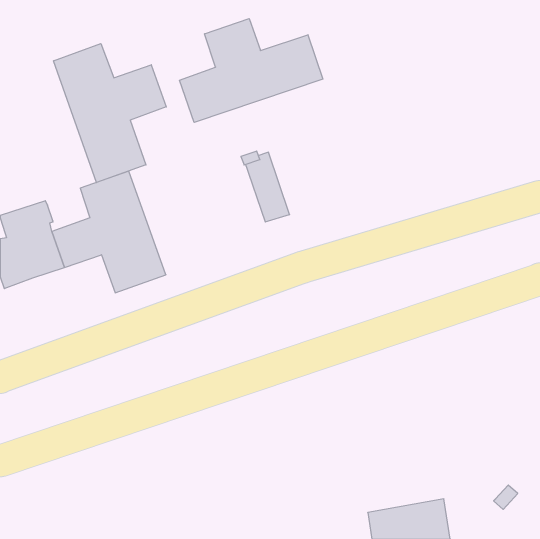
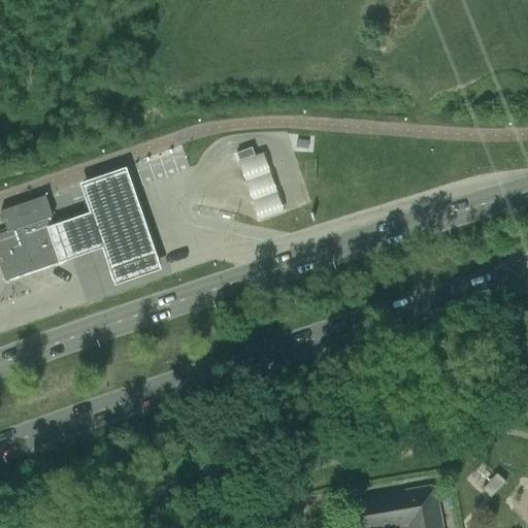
building: [179,19,323,122] -> none
building: [54,44,166,183] -> none

